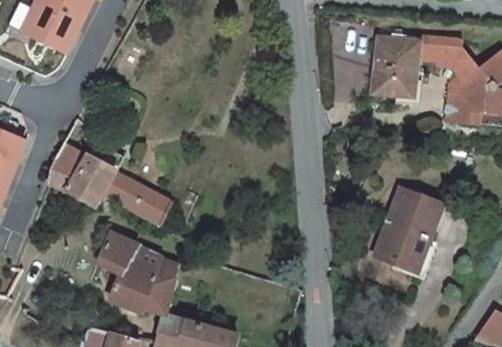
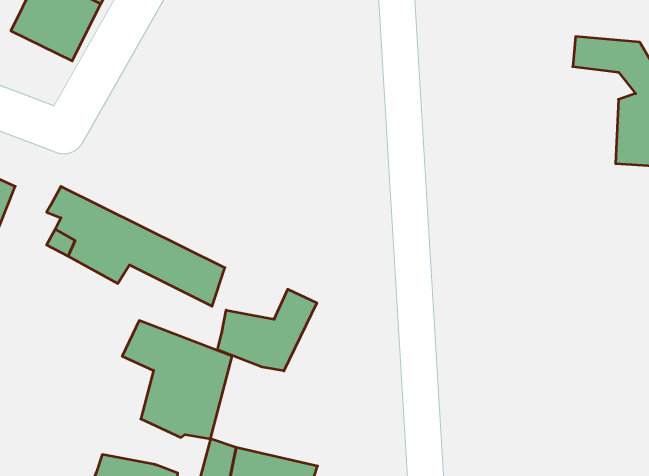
building: [376,32,420,96] -> none
building: [376,190,442,269] -> none
building: none -> [218,289,317,371]

